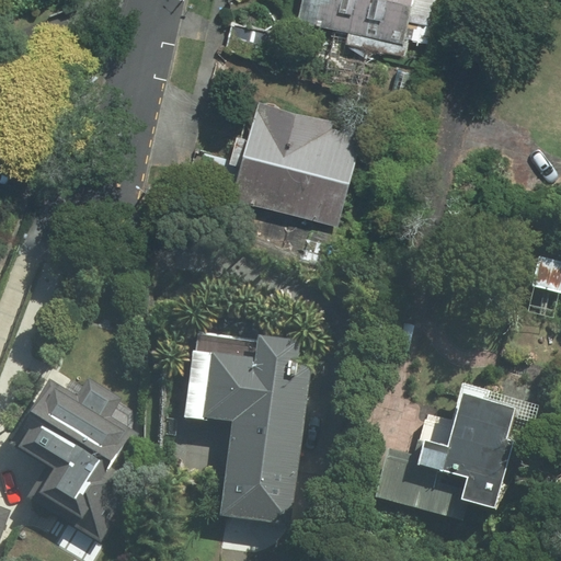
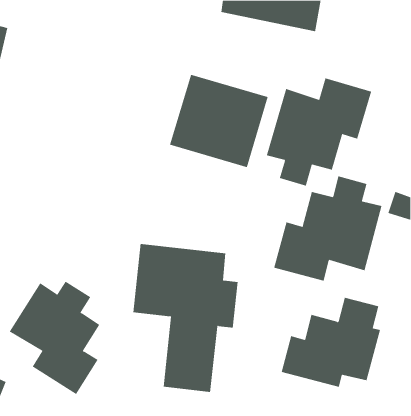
building: none -> [266,78,372,187]
building: none -> [274,176,382,281]

